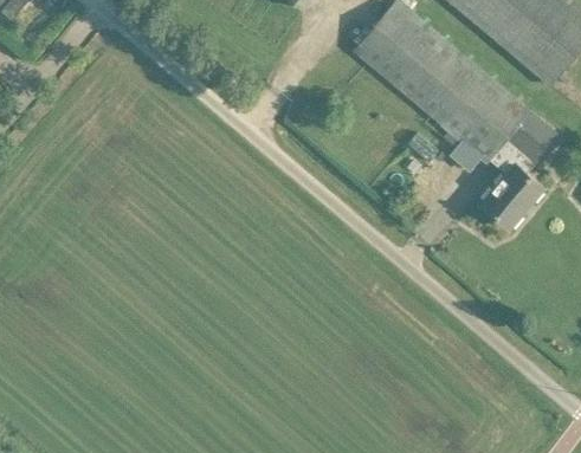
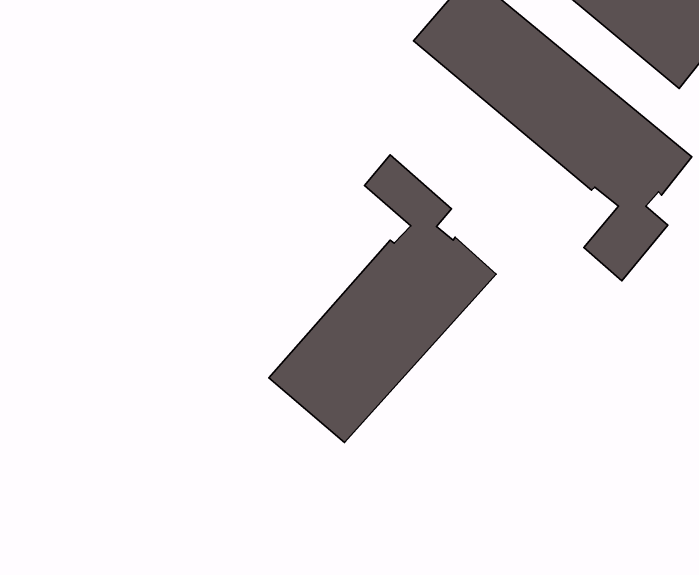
building: none -> [269,155,496,443]

